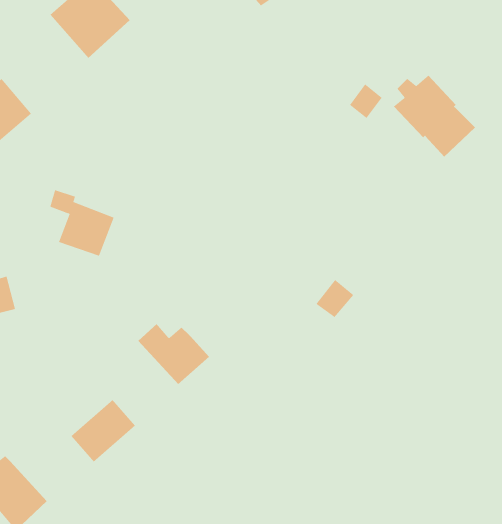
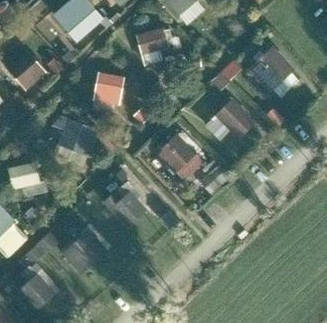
building: none -> [136,29,176,64]
building: none -> [92,74,121,105]
building: none -> [217,99,255,137]
building: none -> [158,133,204,180]

